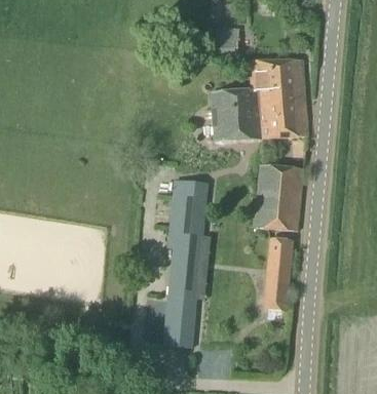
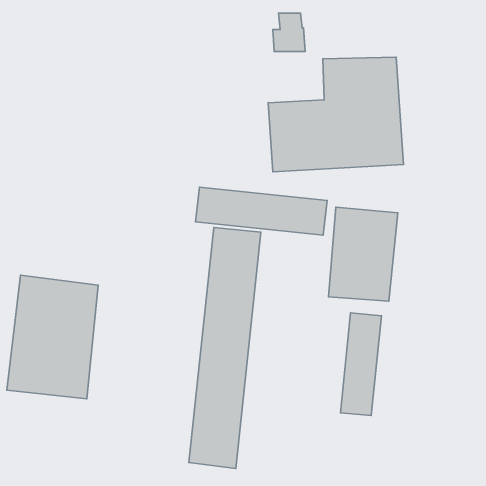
building: none -> [195,187,327,235]
building: none -> [7,275,98,399]

